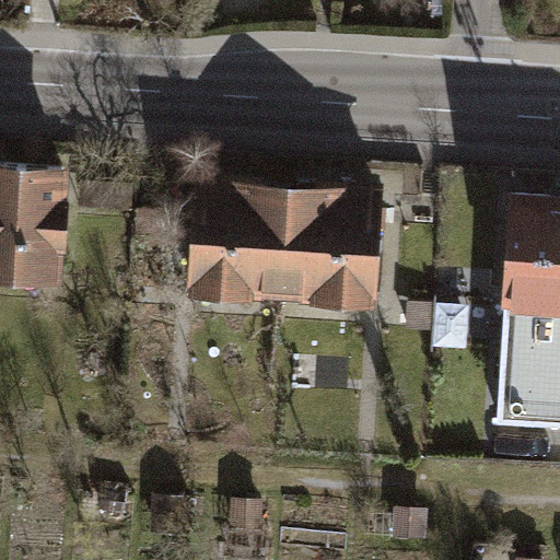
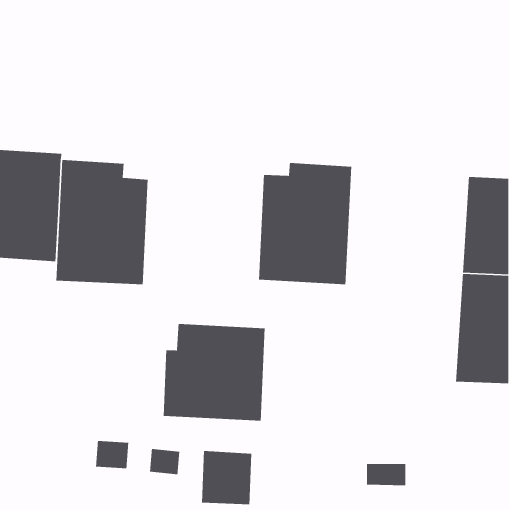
building: [186,170,288,307] -> [56,159,149,285]
building: none -> [163,323,266,421]

